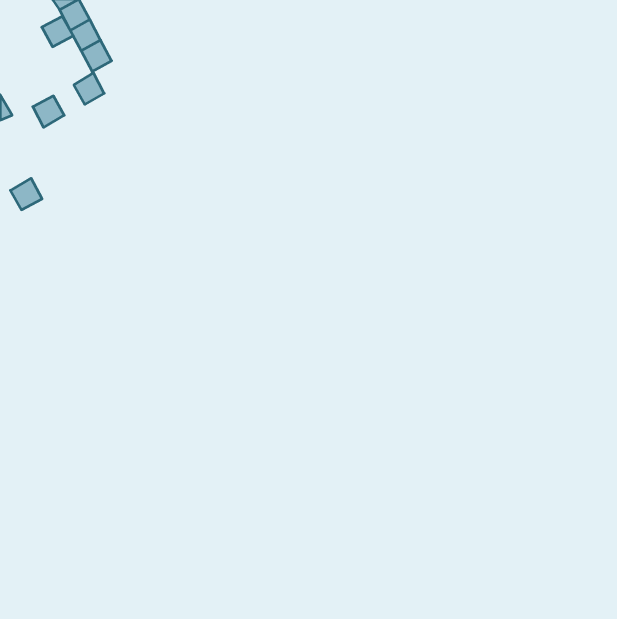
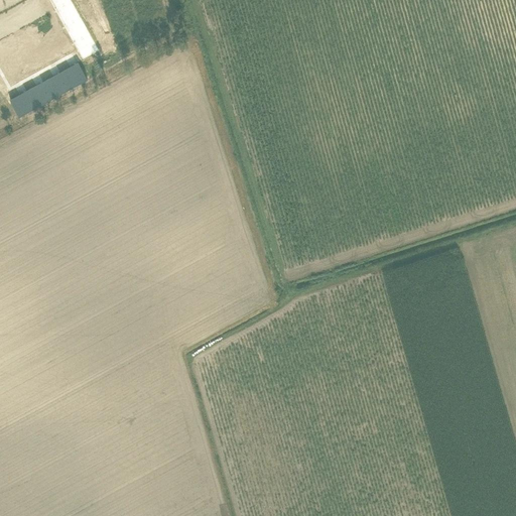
building: [42,16,73,47] -> [46,71,73,96]
building: [10,178,42,210] -> [12,89,38,115]

